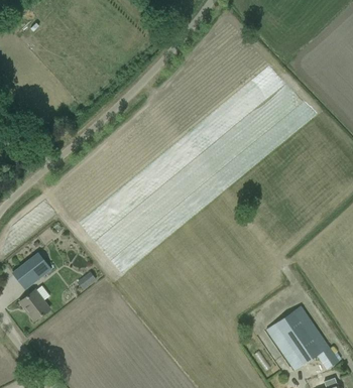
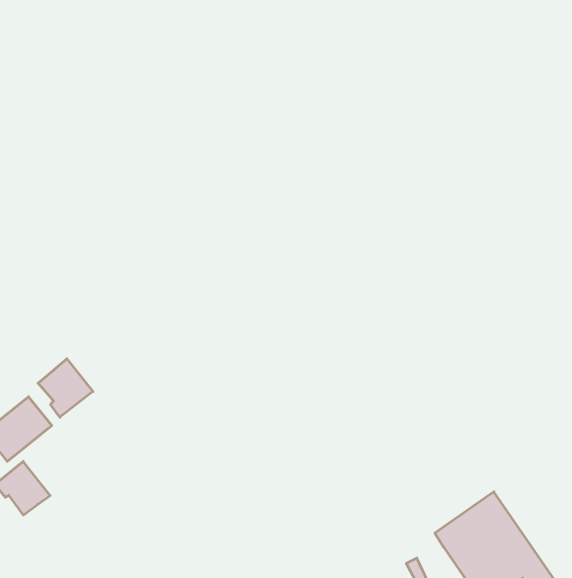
building: none -> [38,359,93,417]

